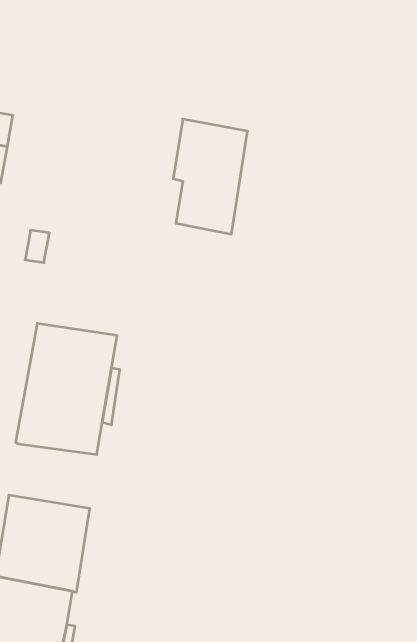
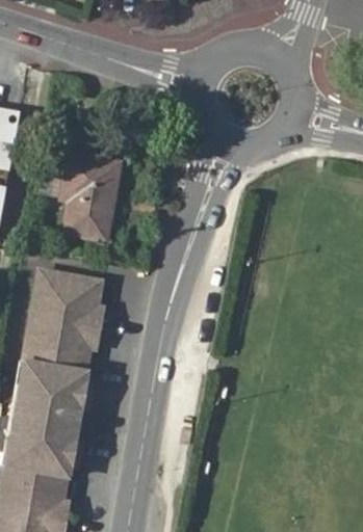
building: [173,119,248,234] -> [62,152,120,240]
building: none -> [17,363,86,413]

